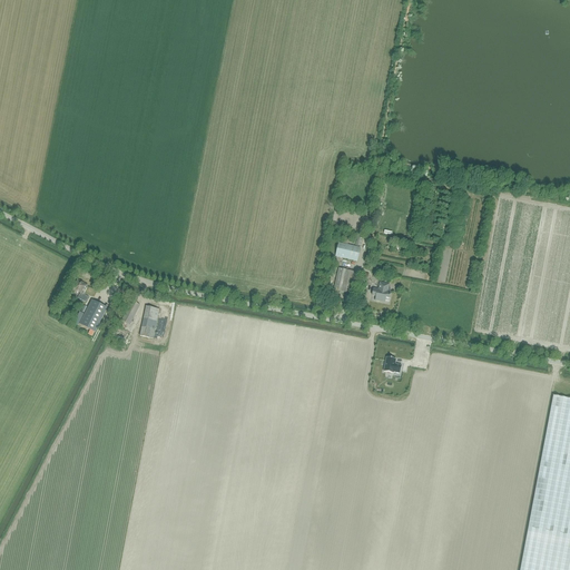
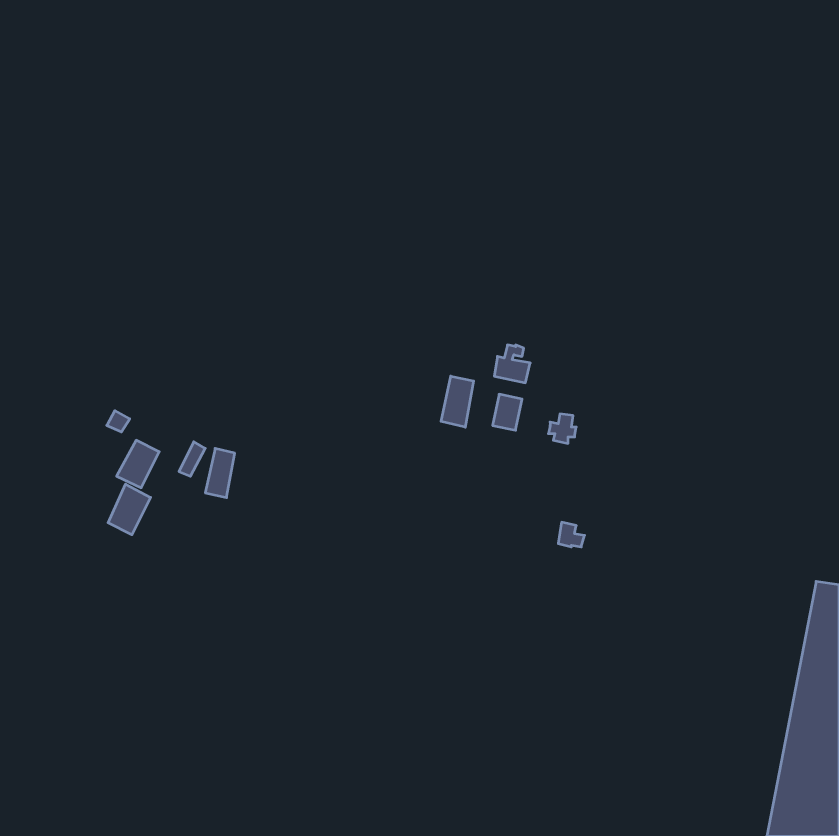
building: none -> [441,376,474,427]
building: none -> [108,484,151,535]

